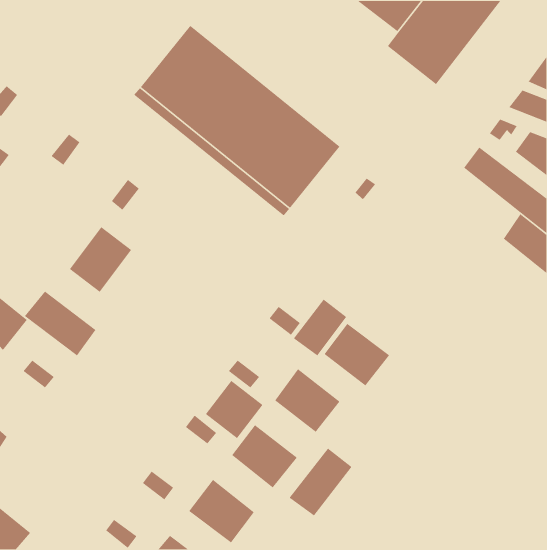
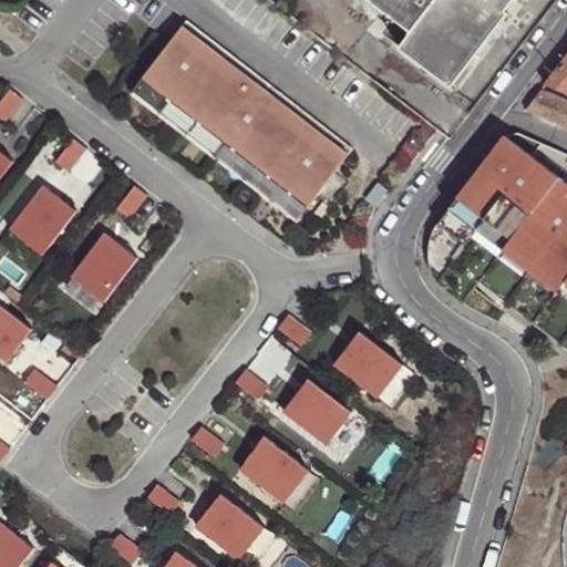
building: none -> [456,173,536,246]
building: none -> [8,184,74,254]
building: [24,291,97,357] -> none
building: [293,299,347,356] -> none
building: [205,380,264,439] -> none
building: [289,448,353,517] -> none

